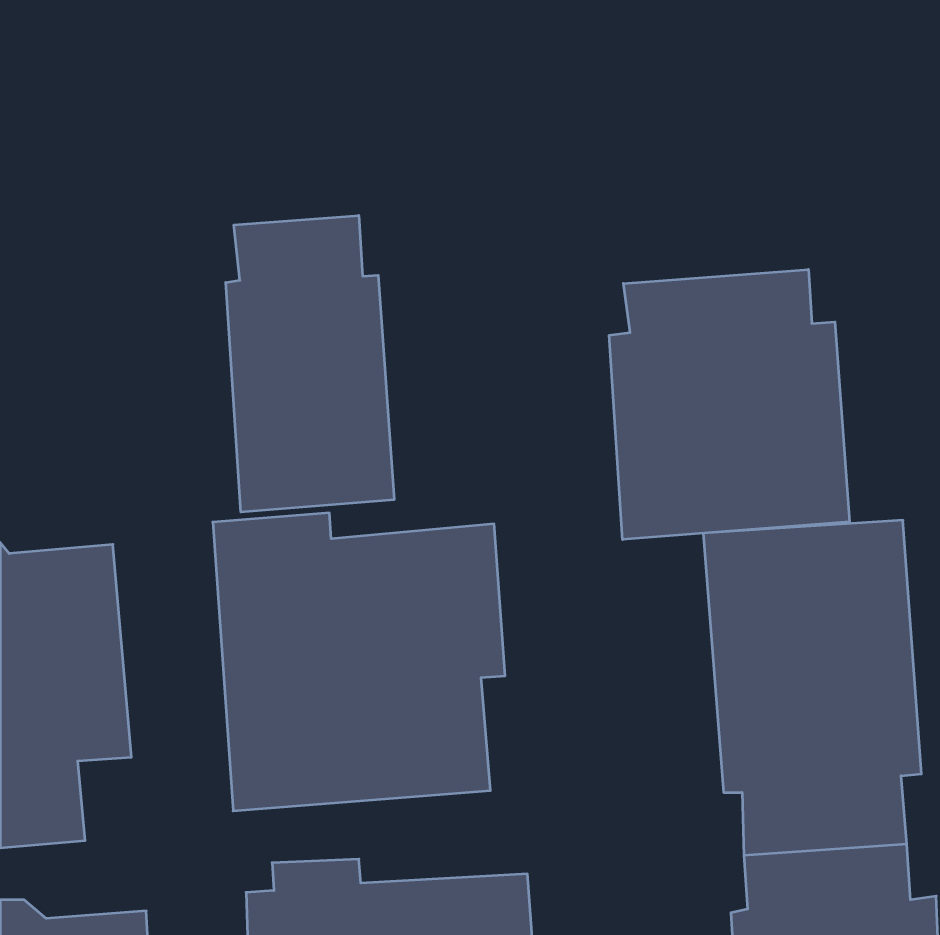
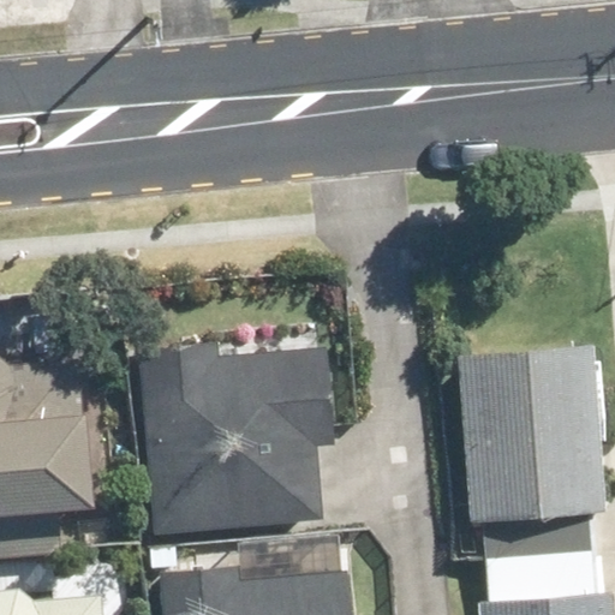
building: [226,215,394,512] -> none
building: [609,269,849,540] -> none

